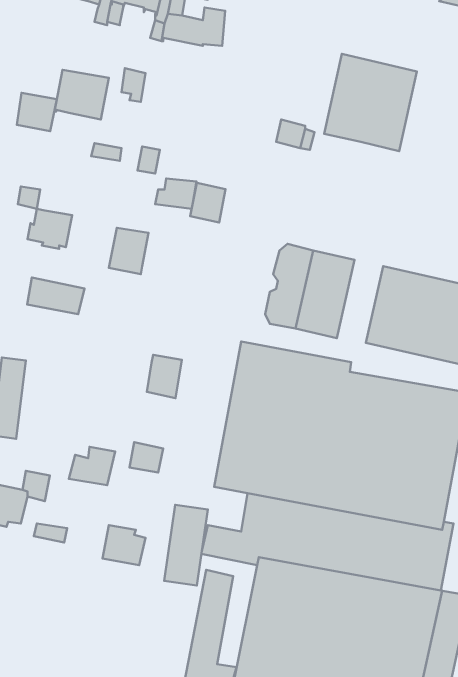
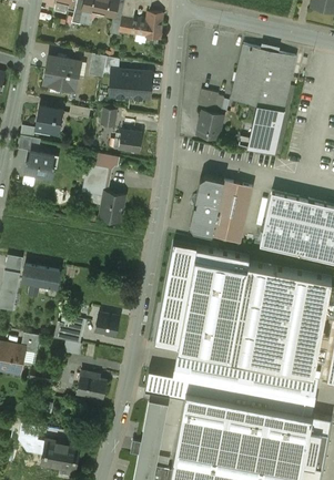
building: none -> [118,69,150,96]
building: [17,93,57,131] -> [36,106,63,133]
building: none -> [247,105,283,153]
building: [190,183,225,223] -> [198,112,222,140]
building: [27,277,85,314] -> [22,265,62,290]
building: [147,355,182,398] -> [100,192,124,222]
building: [164,505,208,586] -> none
building: none -> [42,441,78,470]

